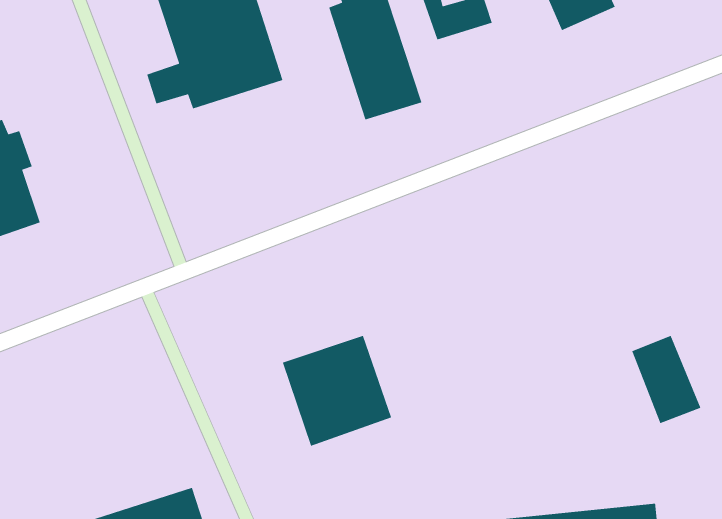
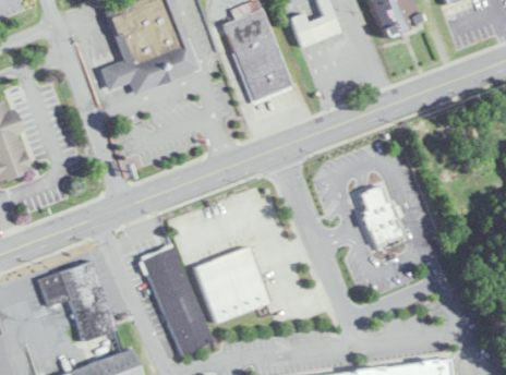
building: none -> [142,244,212,355]
building: [631,335,701,424] -> [356,185,403,246]
building: none -> [39,262,115,342]

